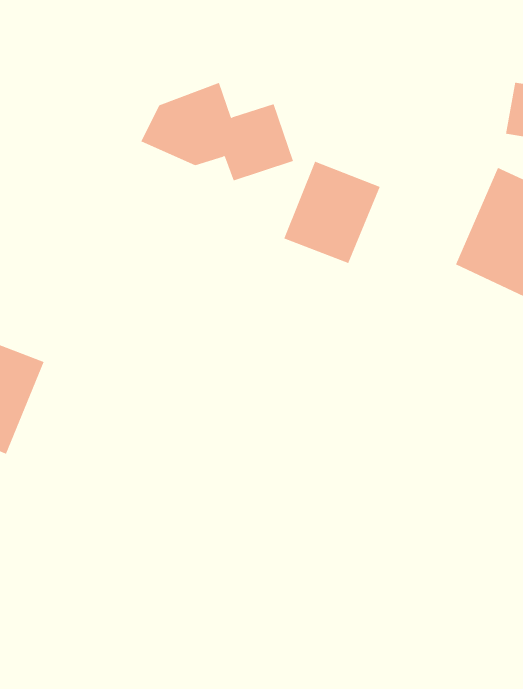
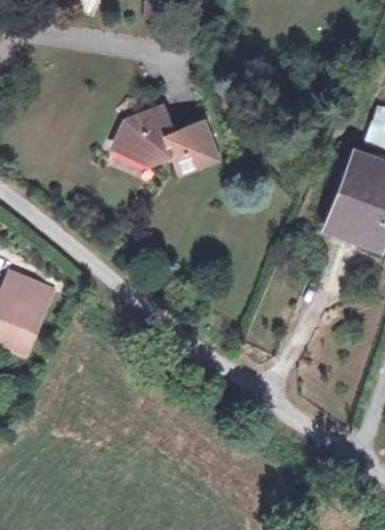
building: [284,161,381,264] -> none

